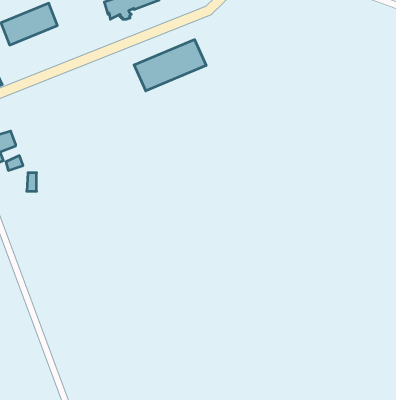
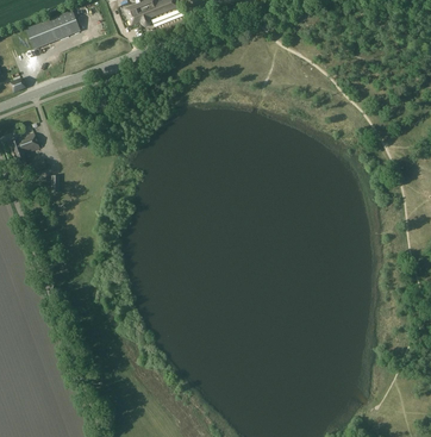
building: [134,40,206,91] -> none

